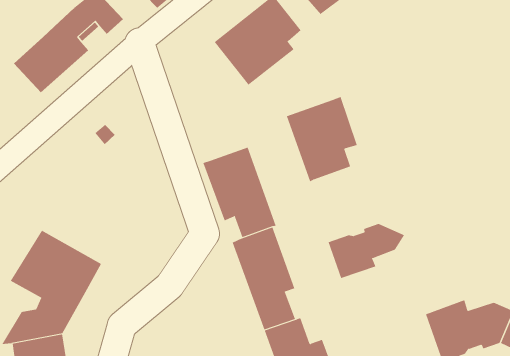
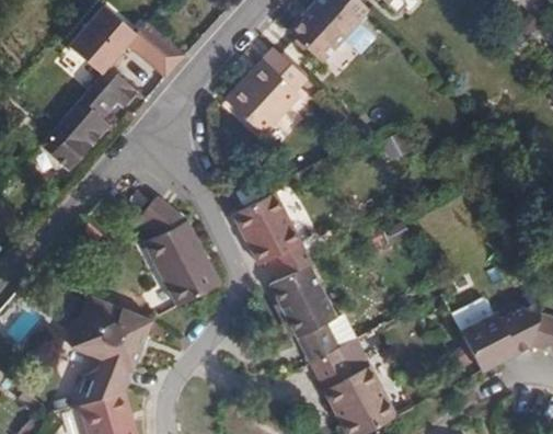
building: [286,96,357,182] -> none
building: none -> [137,196,219,307]
building: [328,223,405,279] -> none

